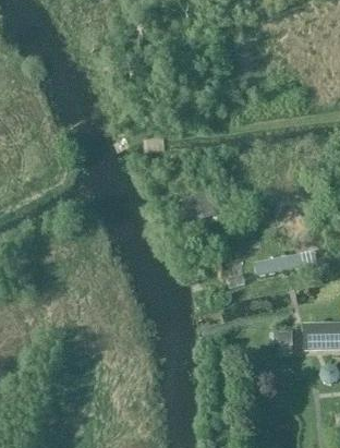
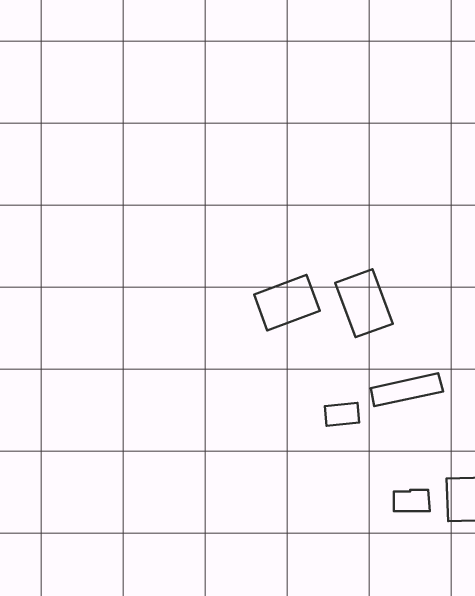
building: none -> [335,269,393,337]

